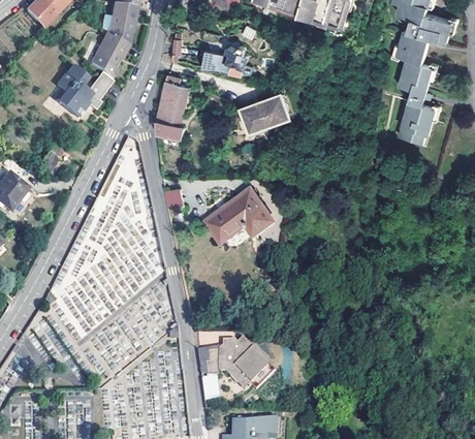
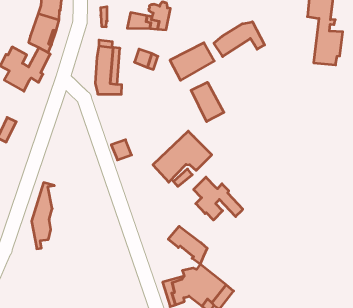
building: none -> [214,22,265,57]
building: none -> [191,82,224,122]
building: none -> [194,177,243,220]
building: none -> [168,226,207,264]

